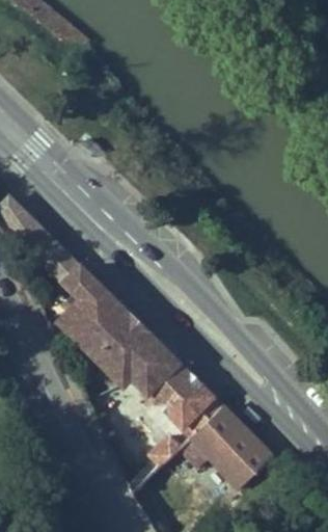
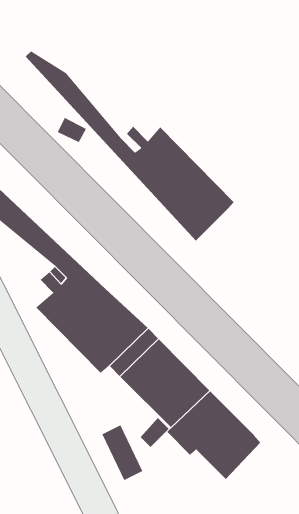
building: none -> [25,51,235,242]

